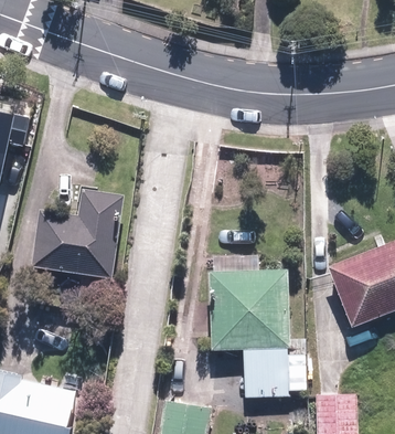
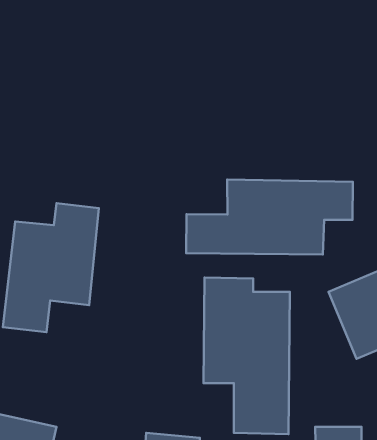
building: none -> [186,180,353,254]

